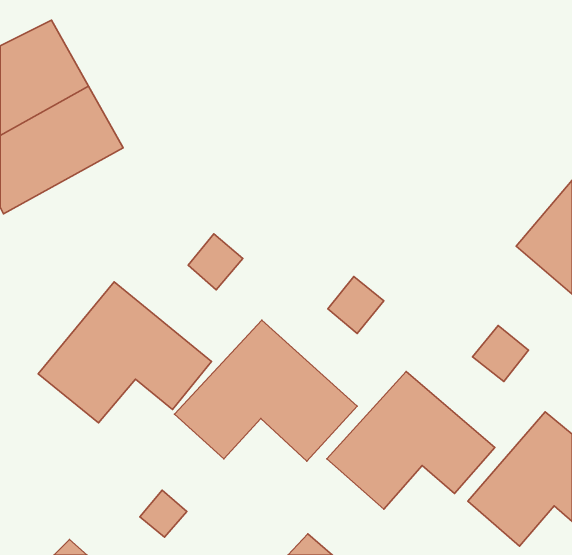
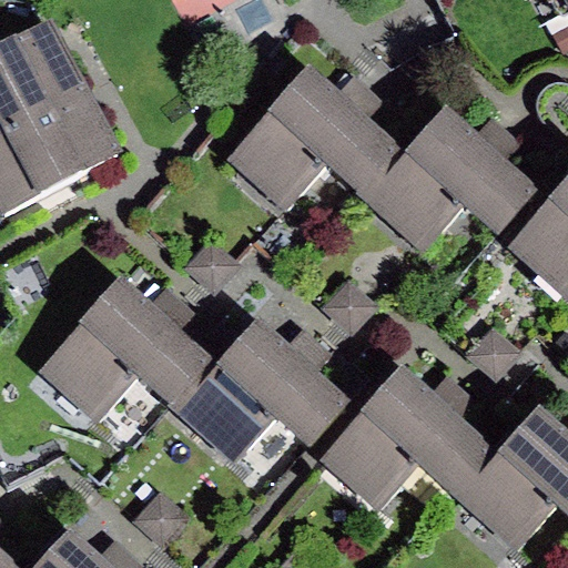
building: none -> [224,65,402,203]
building: none -> [369,112,538,248]

